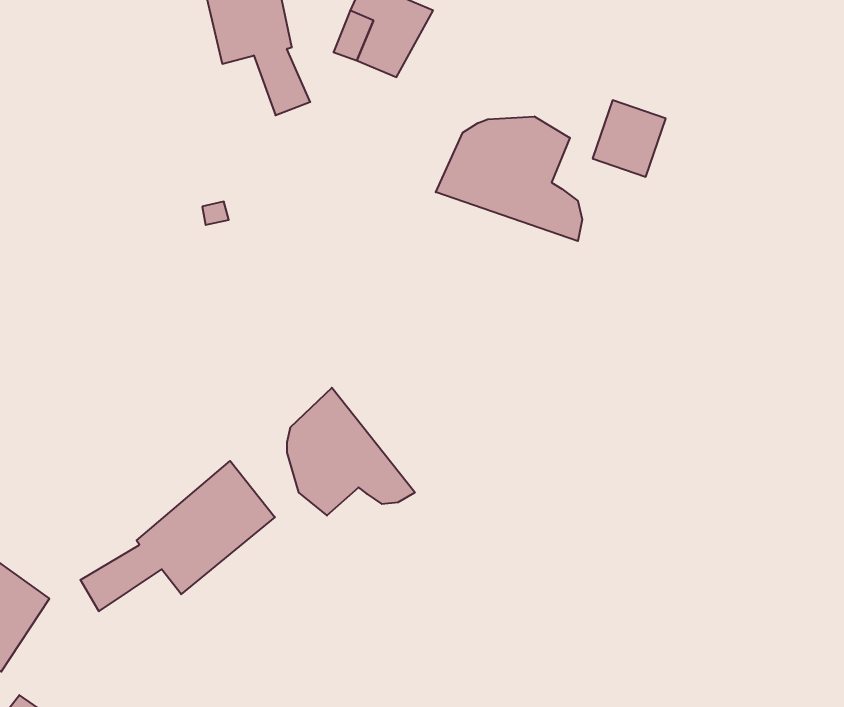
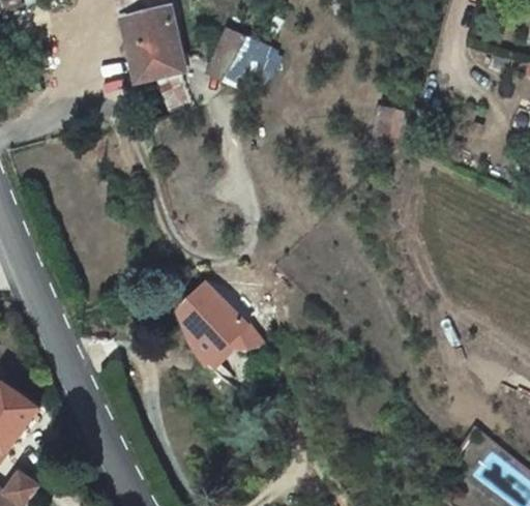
building: [436,116,582,241] -> none
building: [80,461,275,611] -> none

